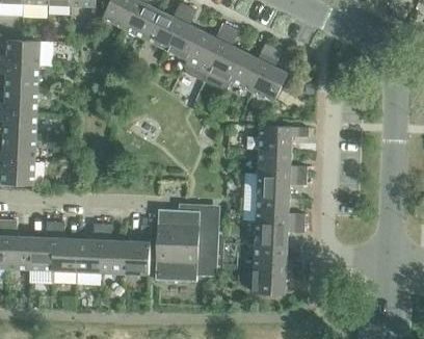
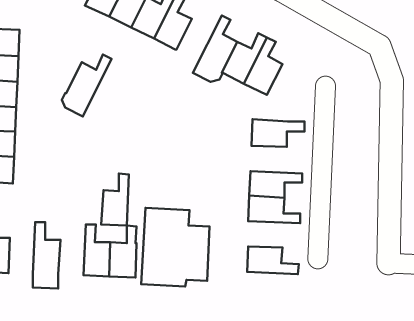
building: [183,23,230,81] -> [62,54,112,116]
building: [257,150,306,176] -> none
building: [255,220,303,245] -> none
building: [29,221,54,270] -> none
building: [76,223,102,271] -> [101,174,129,226]
building: [253,268,301,294] -> none

